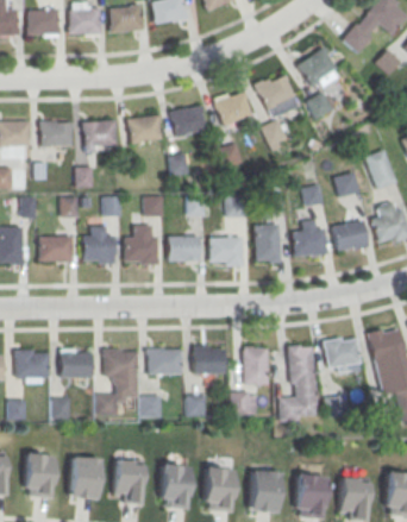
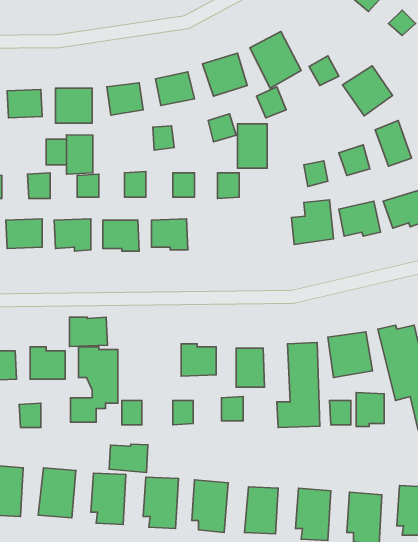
building: [298,48,342,92] -> [343,66,392,116]
building: none -> [66,135,93,174]
building: [255,224,281,263] -> [238,124,267,168]
building: [208,237,243,265] -> none
building: [149,350,182,376] -> [70,317,107,347]
building: none -> [356,392,384,426]
building: none -> [109,444,148,472]

